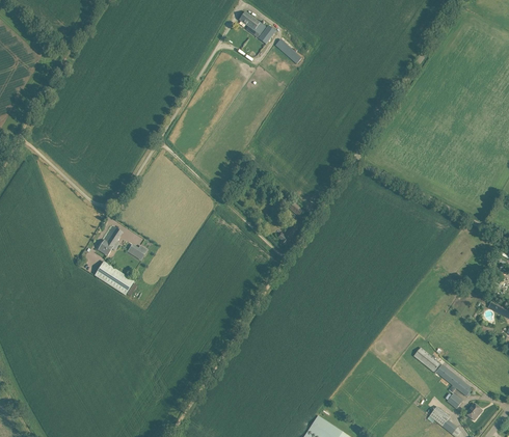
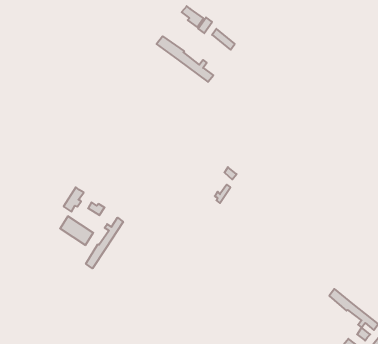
building: none -> [157,36,213,82]
building: none -> [86,218,123,268]

